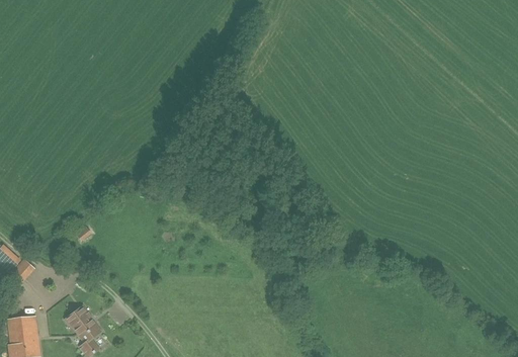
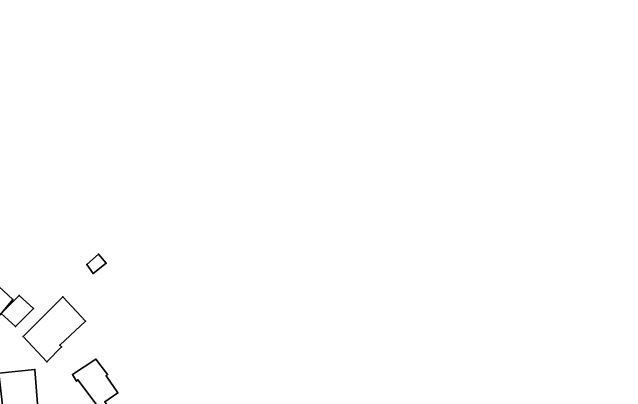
building: none -> [23,297,86,362]

